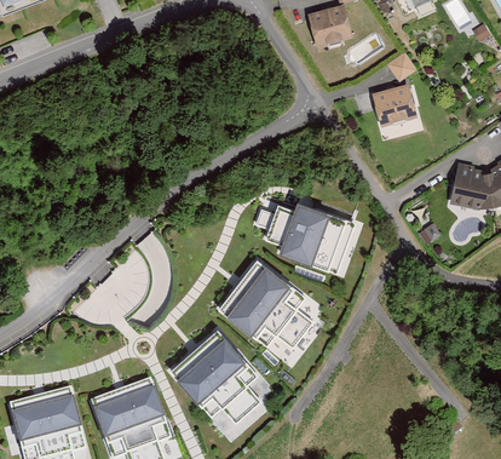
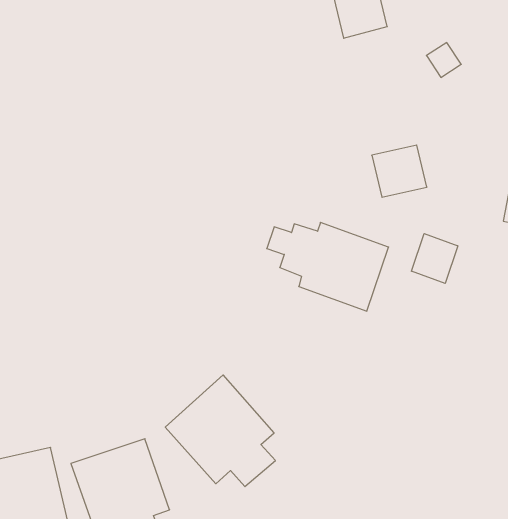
building: [372,84,418,127] -> [372,145,427,197]
building: none -> [411,234,458,283]
building: [217,260,313,348] -> none

